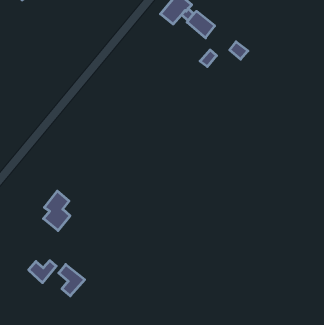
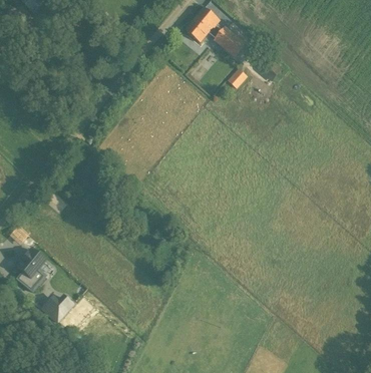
building: [43,191,70,231] -> [16,248,45,291]
building: [59,264,85,296] -> none

